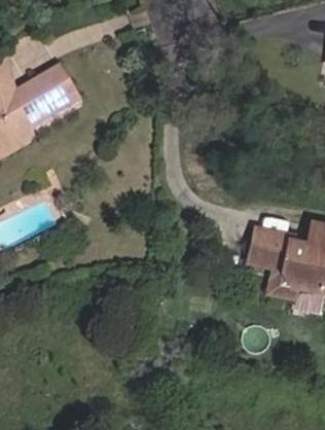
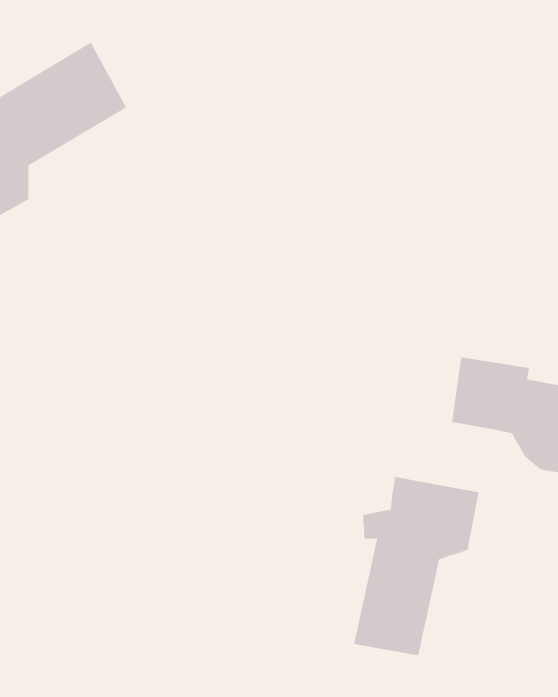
building: none -> [353,476,479,656]

